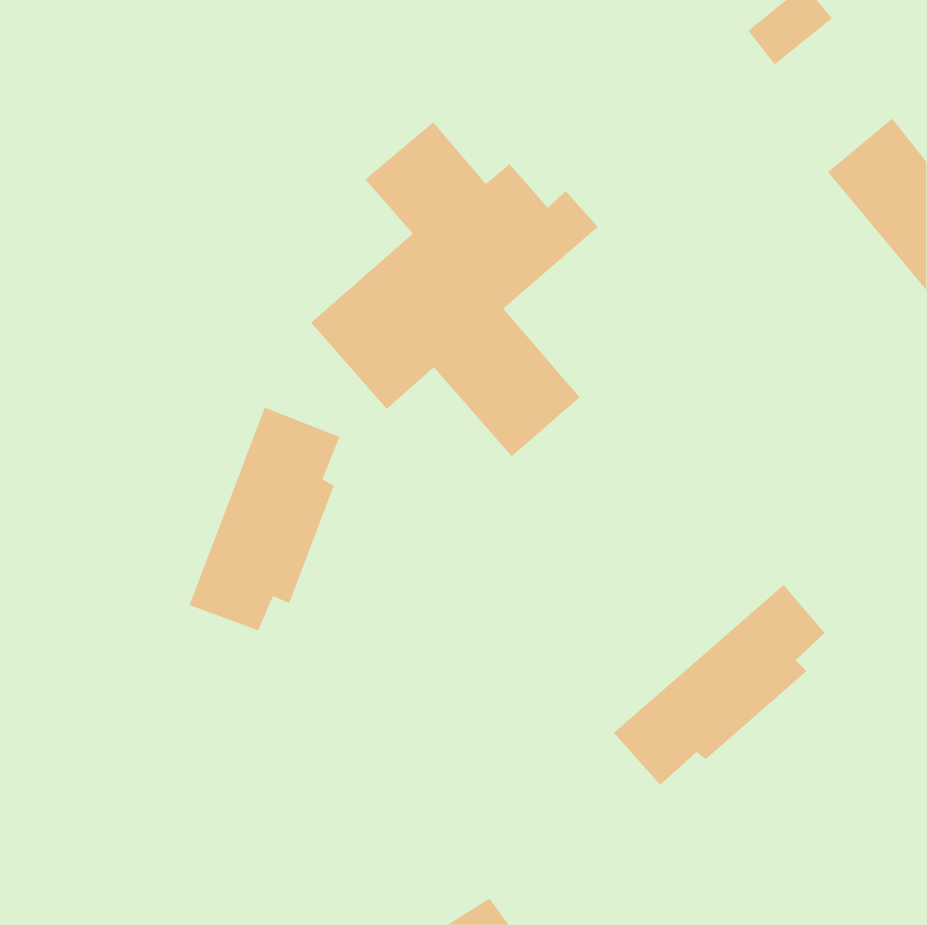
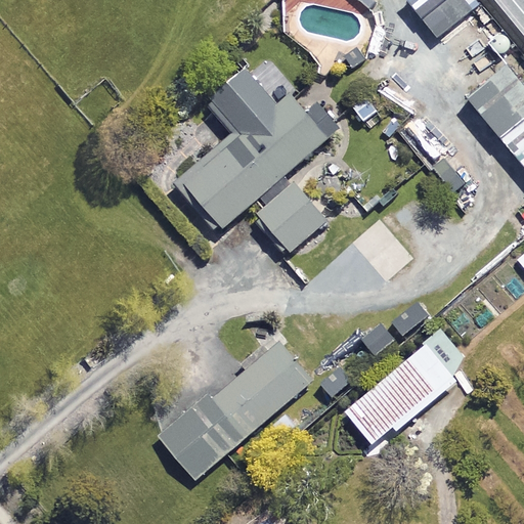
building: [189,407,340,631] -> none
building: none -> [155,339,313,479]

